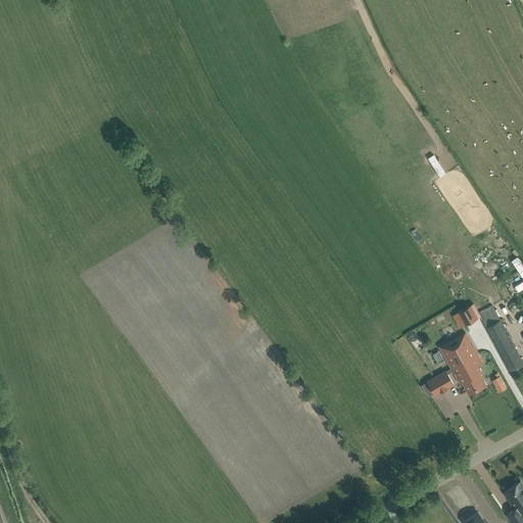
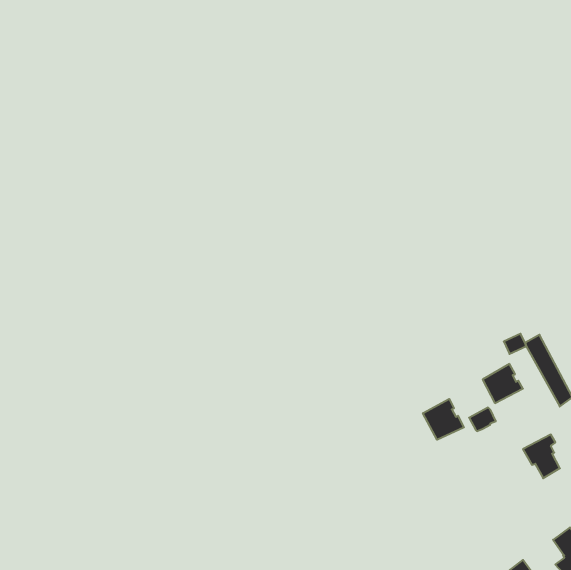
building: [453,356,486,396] -> [523,435,560,478]
building: none -> [423,399,464,440]

